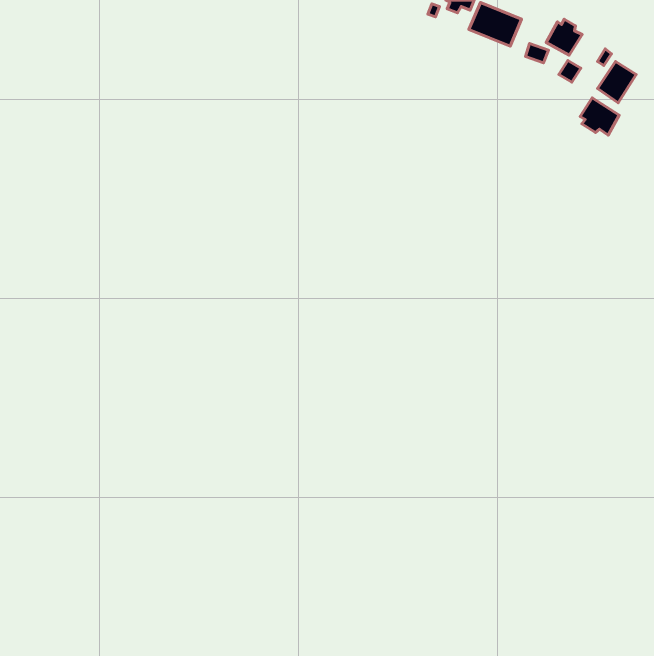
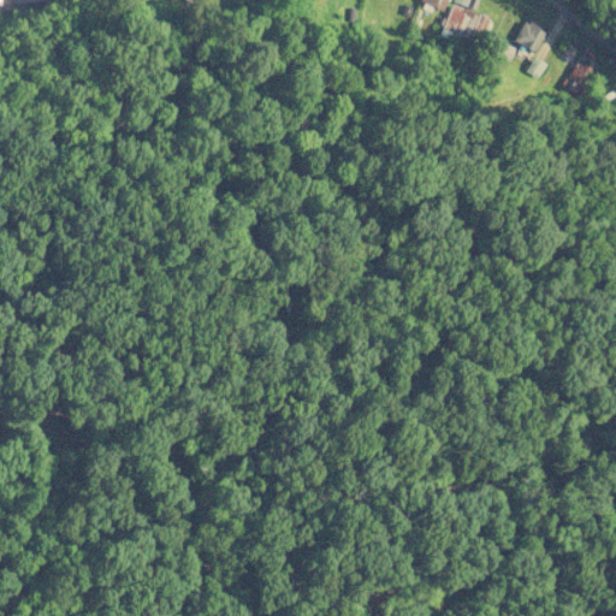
building: [580,98,619,135] -> none

